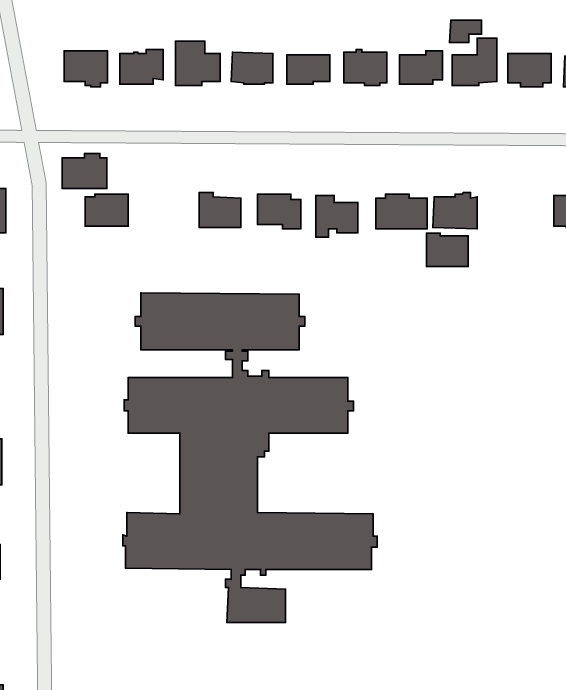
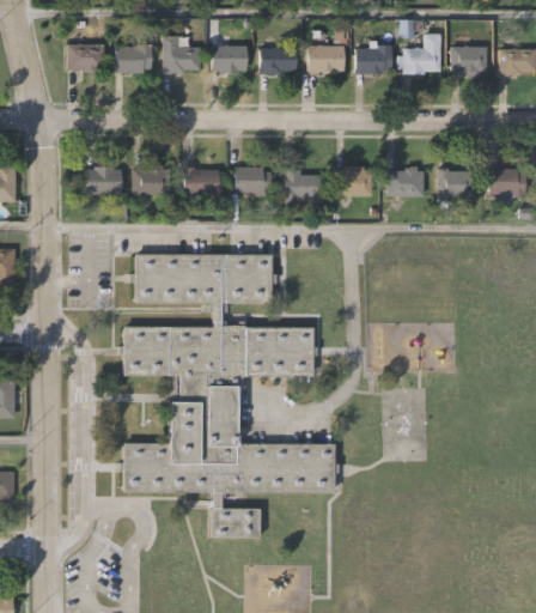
building: [62,154,107,188] -> [132,166,170,196]
building: [426,233,468,267] -> [437,169,473,198]

